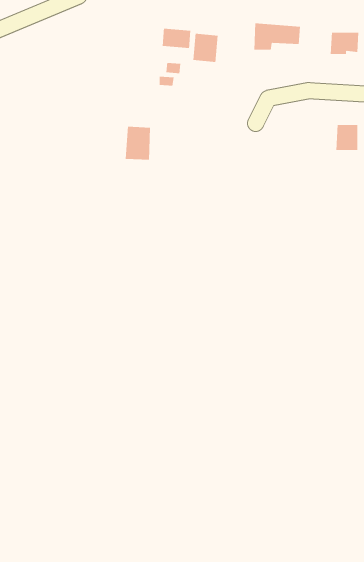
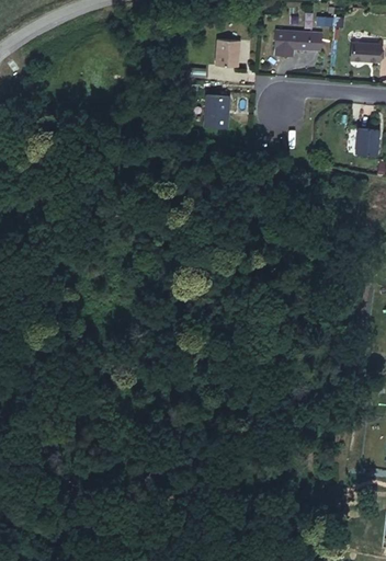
building: [162,28,191,49] -> none
building: [125,126,151,160] -> [206,96,231,129]

